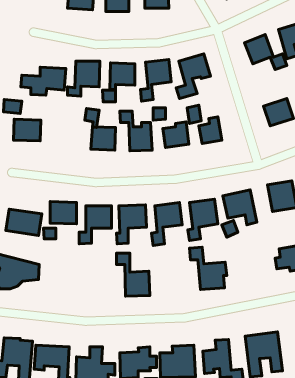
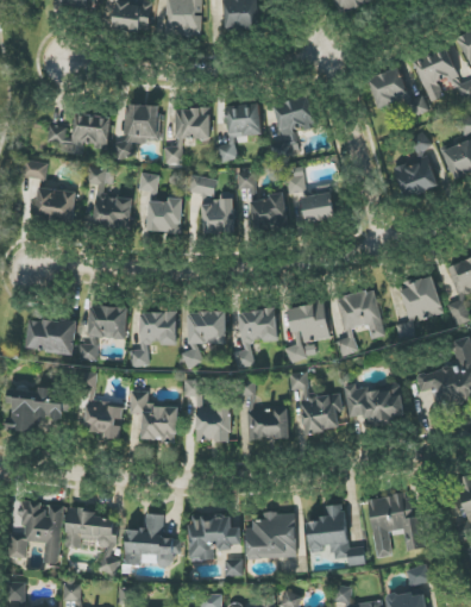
building: none -> [86,168,132,227]
building: none -> [77,371,123,438]
building: none -> [238,380,289,439]
building: none -> [343,382,403,423]
building: none -> [130,390,177,440]

